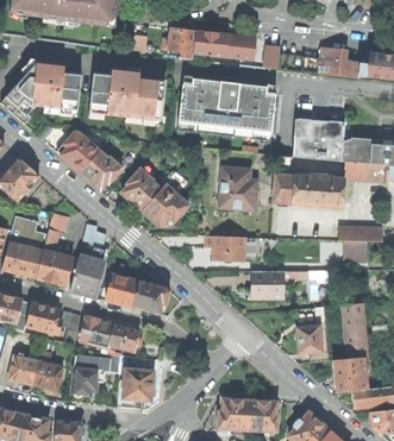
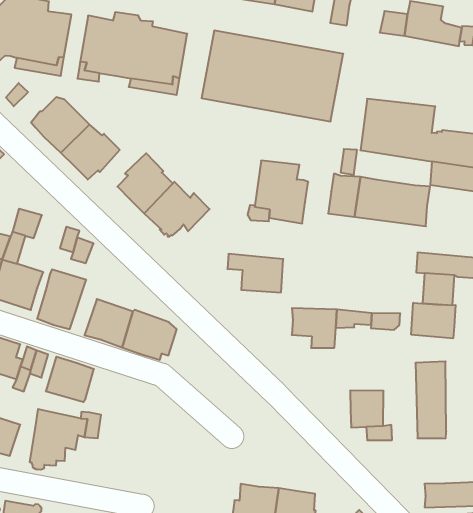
building: none -> [411,303,456,338]
building: [108,323,142,351] -> none
building: [332,357,368,391] -> none
building: [121,364,155,399] -> none

